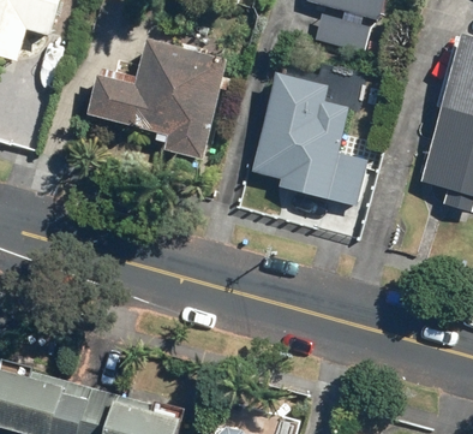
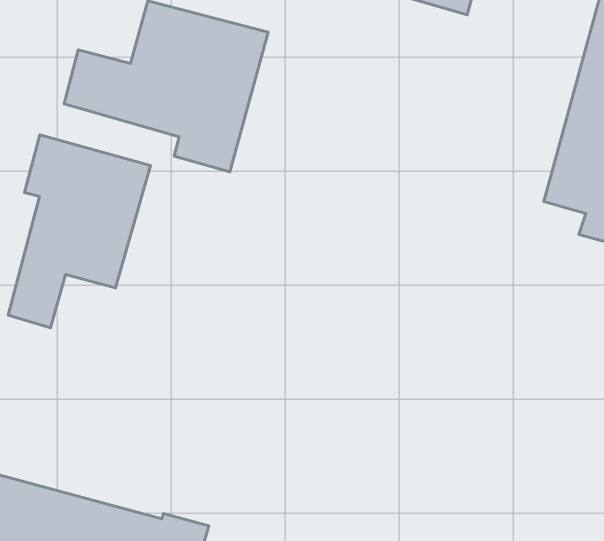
building: [253,76,369,207] -> none
building: none -> [8,135,150,328]

